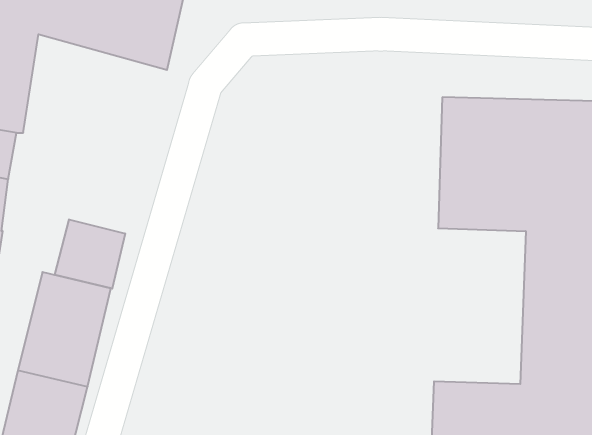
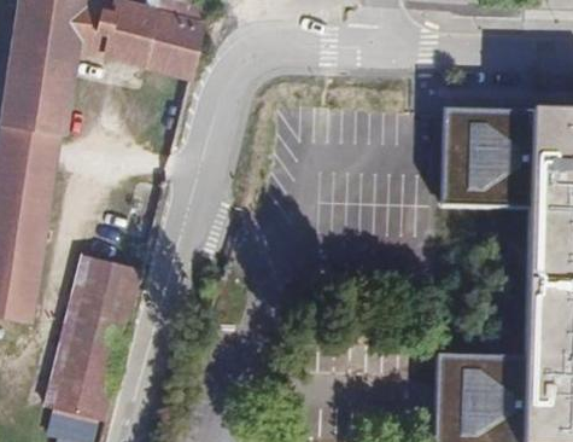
building: [55,219,125,289] -> none

